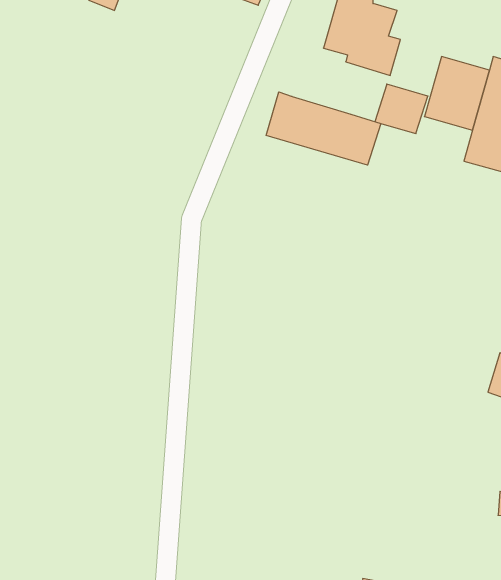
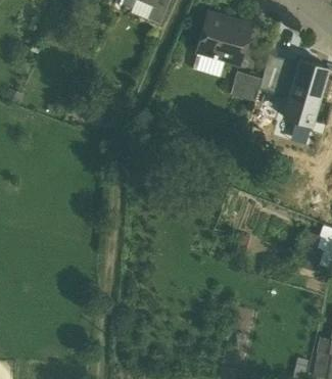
building: [266,92,381,165] -> none

